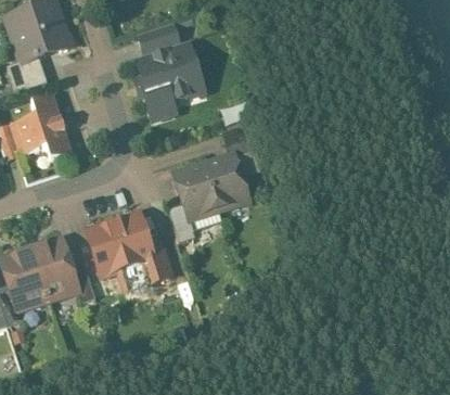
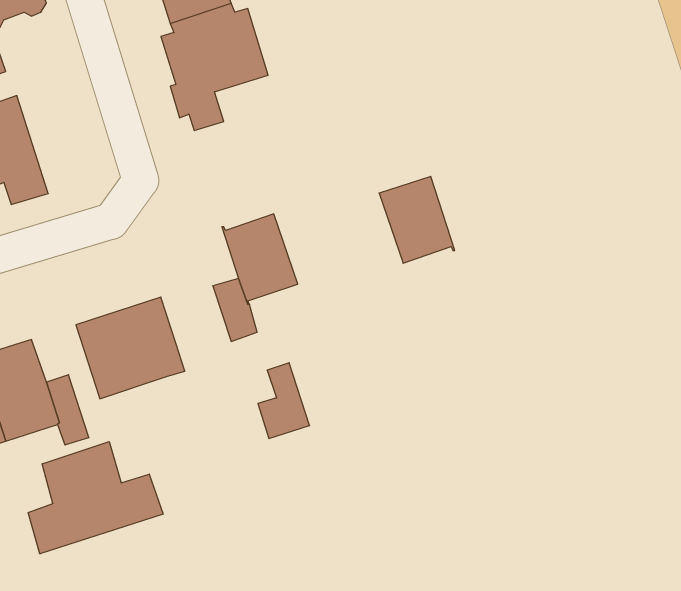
building: [204,155,248,206] -> [379,176,455,263]
building: [141,237,171,281] -> [258,363,310,439]
building: none -> [28,442,163,554]

